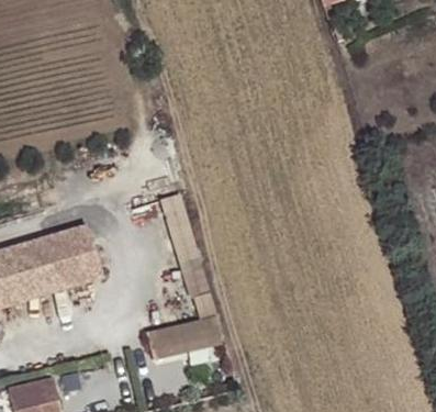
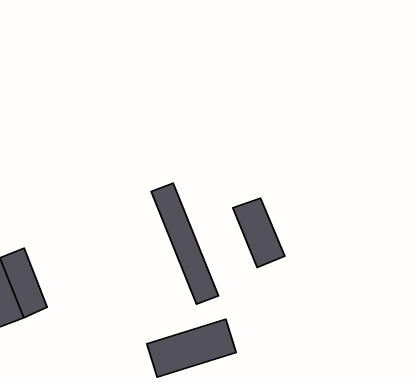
building: none -> [233,198,285,268]
building: [47,225,93,288] -> none

